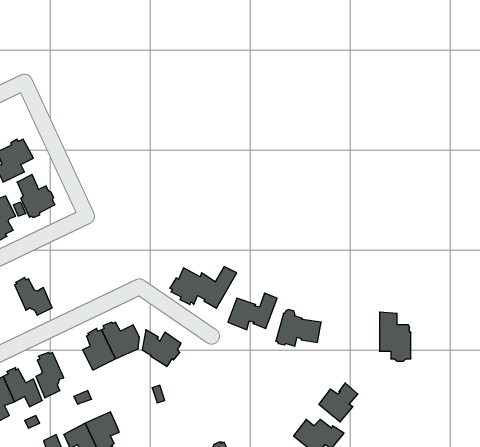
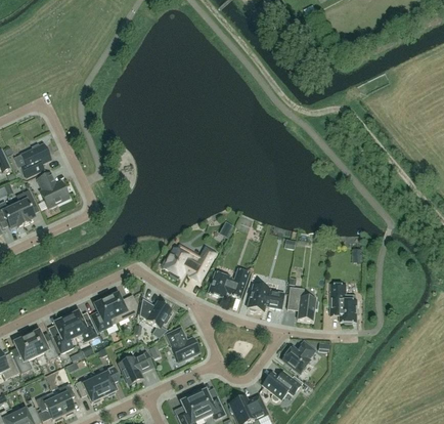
building: [14,277,52,315] -> [65,310,96,341]
building: none -> [285,287,317,321]
building: none -> [167,328,197,361]
building: none -> [119,352,151,384]

